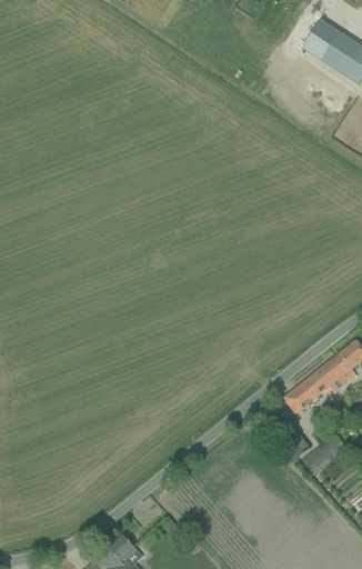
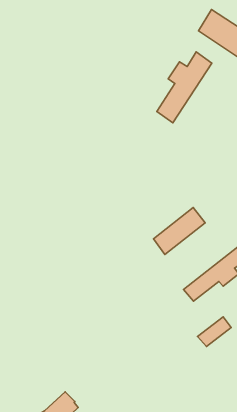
building: none -> [157,52,212,123]
building: none -> [153,207,205,254]

